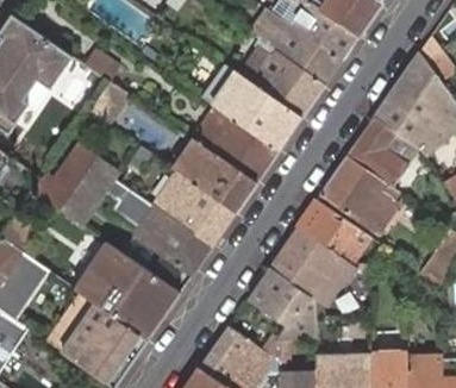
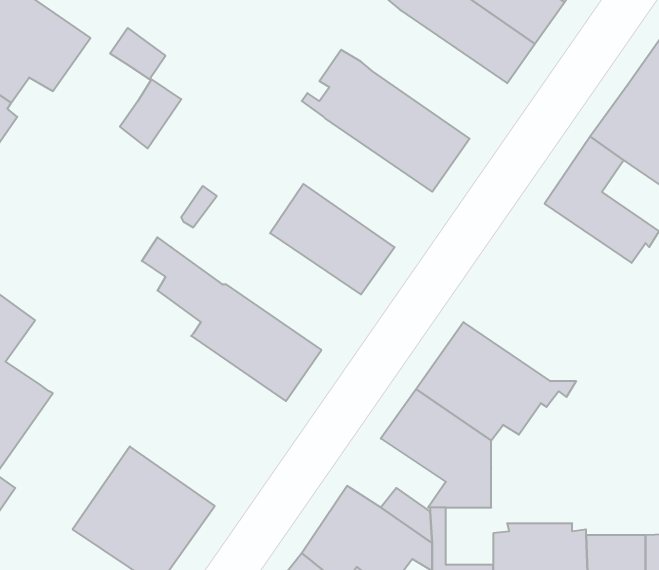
building: [243,39,324,117] -> none
building: [192,105,279,182] -> none
building: [42,143,118,224] -> none
building: [319,156,400,236] -> none
building: [152,174,236,244] -> none
building: [298,199,368,263] -> none
building: [75,240,180,338] -> none

